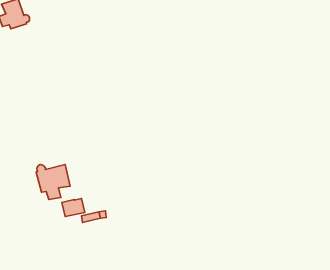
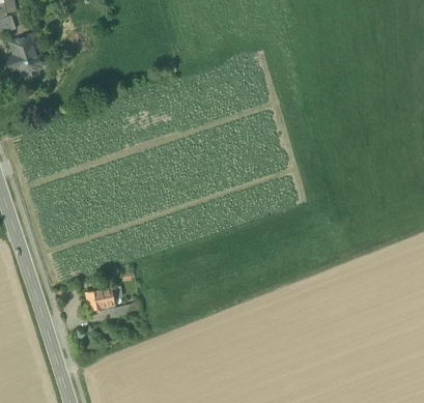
building: [36,164,70,200] -> none

